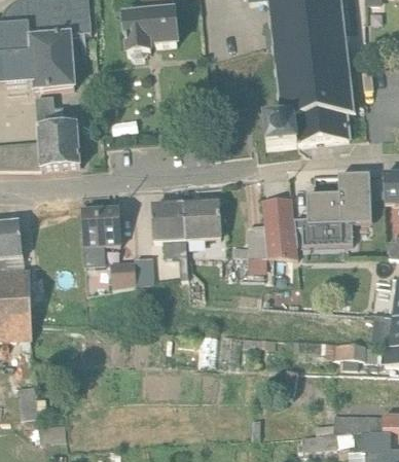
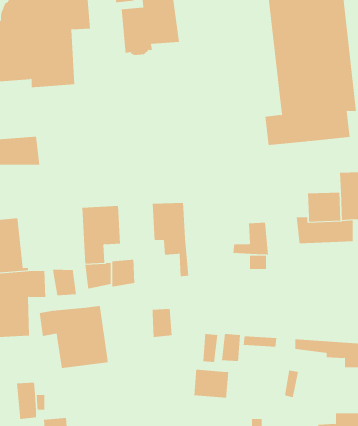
building: [33,95,79,168] -> none
building: [261,198,298,258] -> none
building: [183,202,220,241] -> none
building: [134,256,154,285] -> [152,309,172,338]
building: none -> [52,269,76,296]
building: none -> [39,305,108,369]
building: none -> [194,369,229,398]

